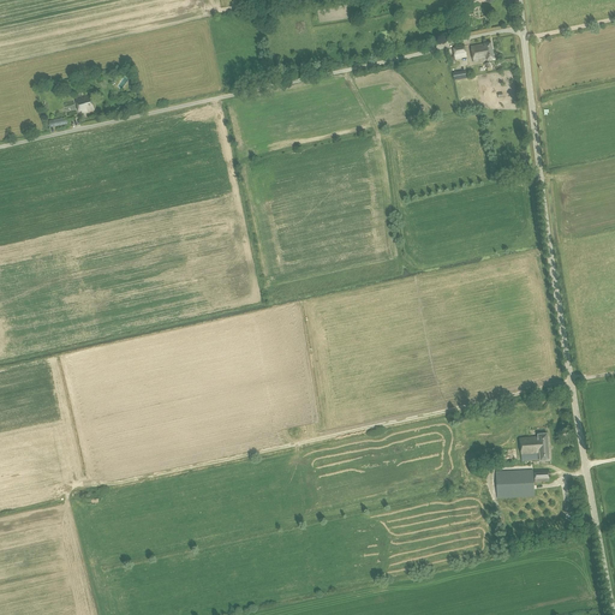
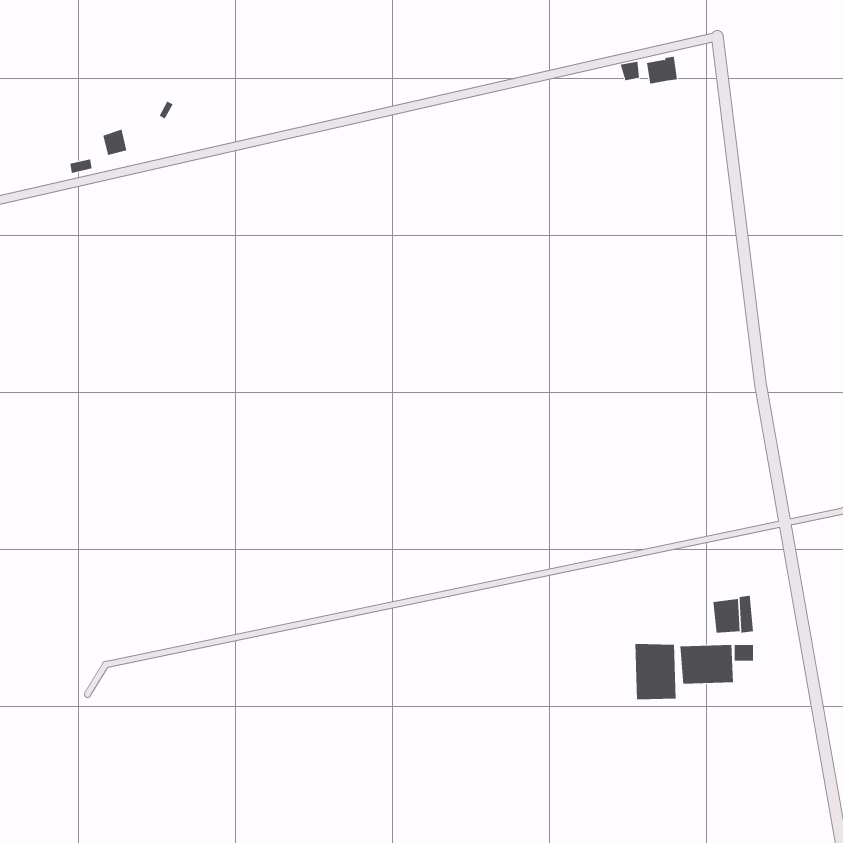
building: none -> [635,643,676,700]

